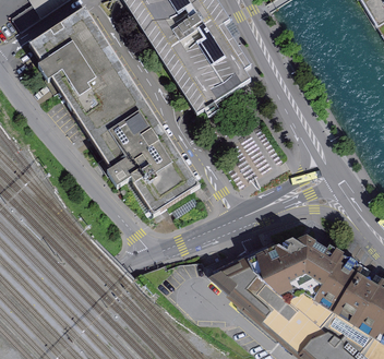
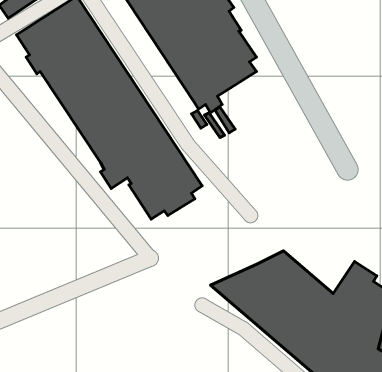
building: [275,236,341,284] -> none

